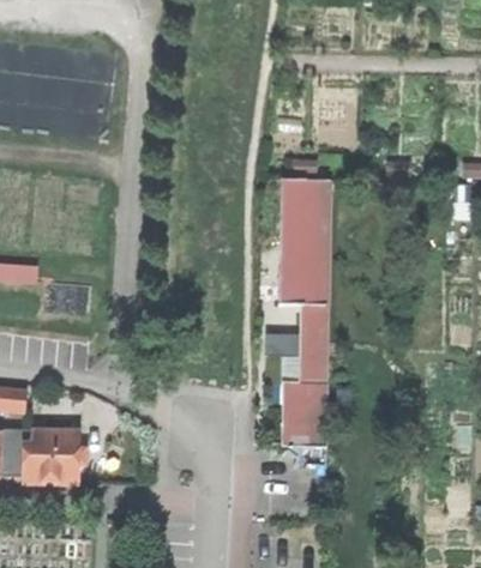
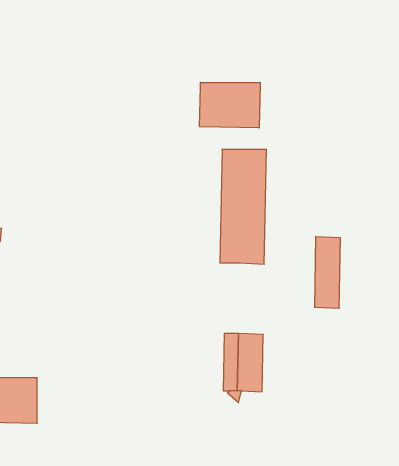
building: none -> [200,82,260,128]
building: [299,304,327,383] -> [314,237,340,308]

